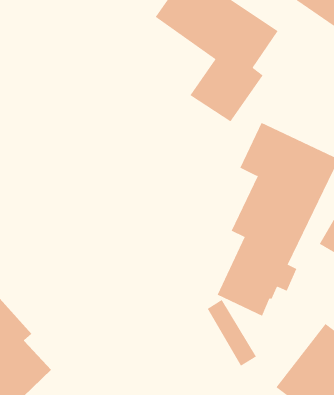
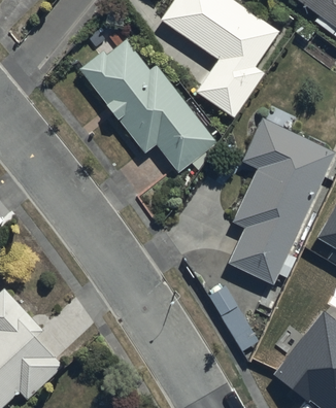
building: none -> [78,44,214,177]

